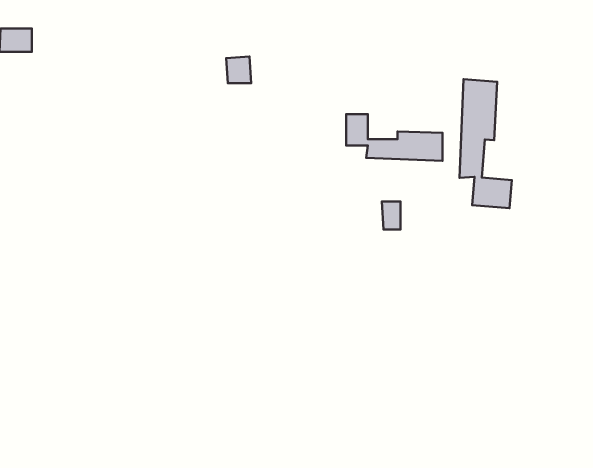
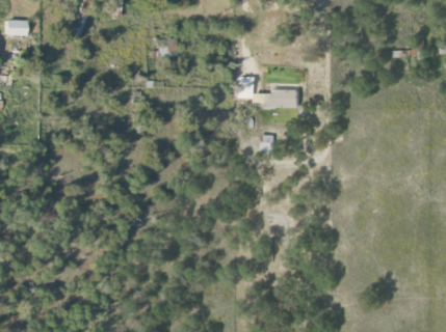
building: [459,79,512,208] -> none

